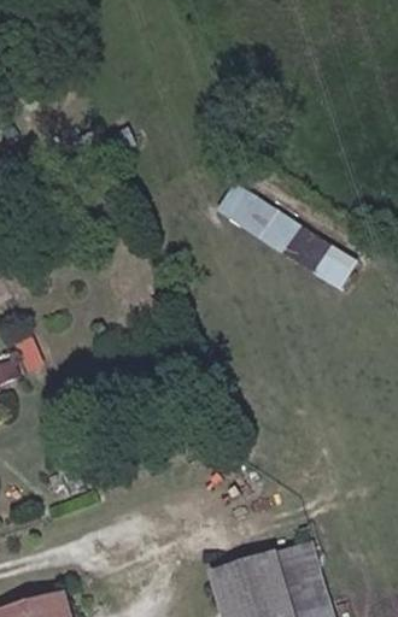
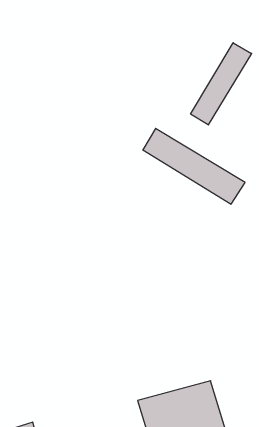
building: none -> [191,43,252,125]

